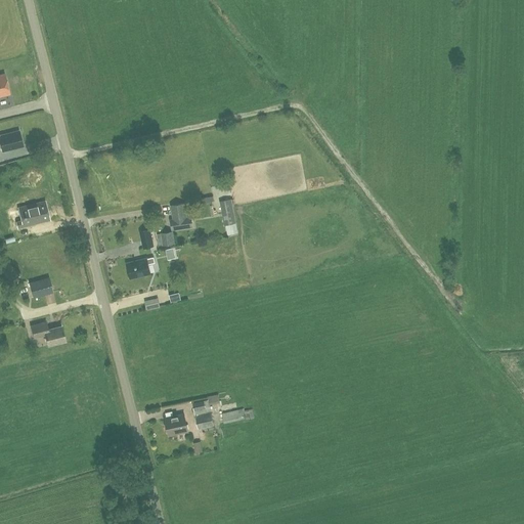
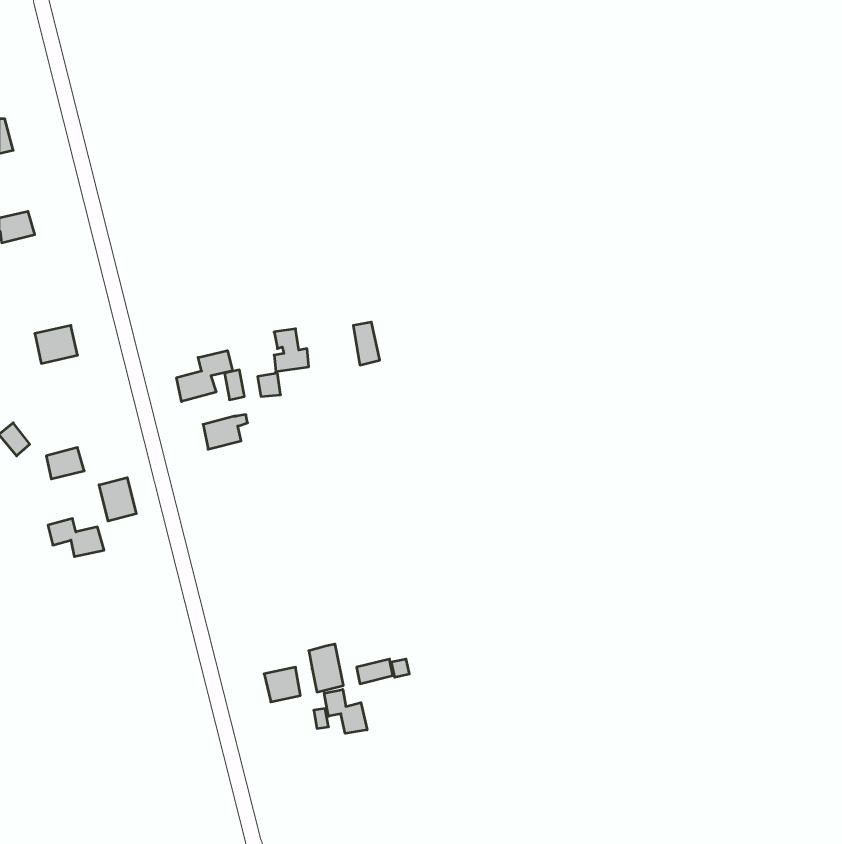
building: none -> [177,351,232,402]
building: none -> [99,478,136,521]
building: none -> [324,689,367,733]

